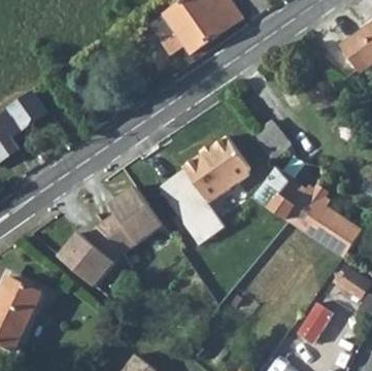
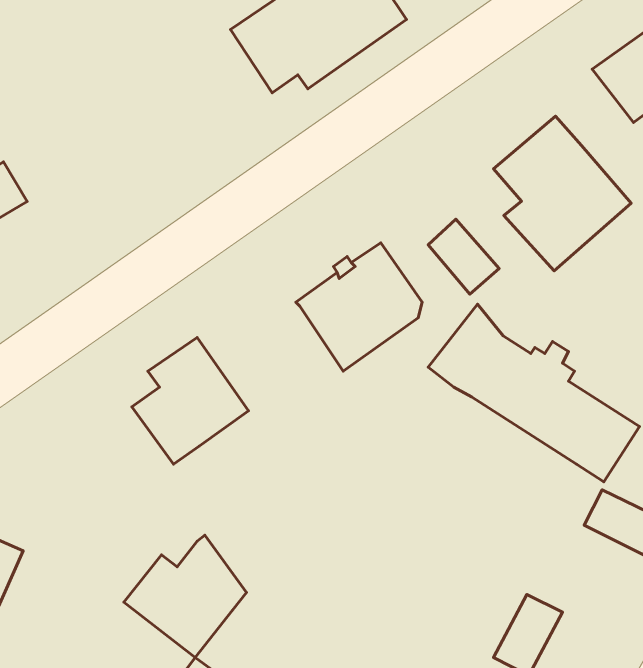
building: none -> [494,116,631,271]
building: [162,168,228,246] -> none
building: [57,221,121,284] -> [124,535,246,658]

